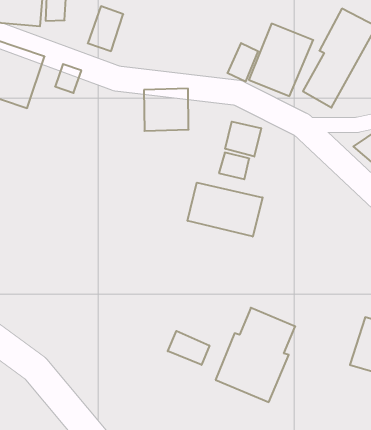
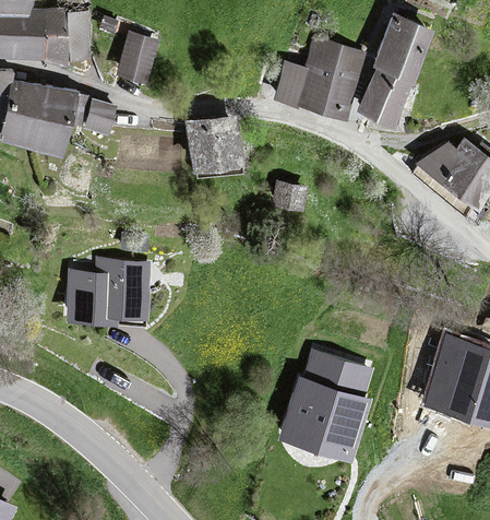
building: [225,122,261,157] -> none
building: [188,183,263,237] -> none
building: none -> [73,262,147,315]
building: [168,331,209,365] -> none

